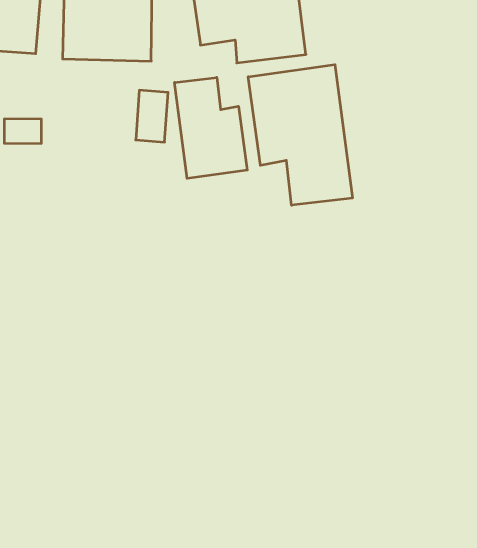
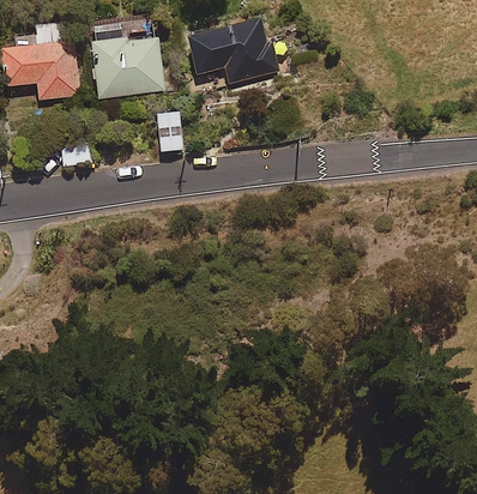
building: [248,65,352,205] -> none
building: [175,77,247,178] -> none

